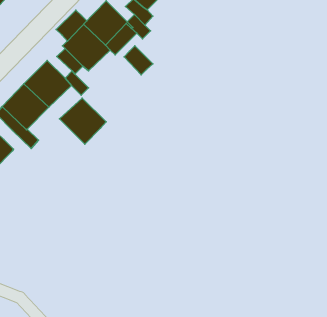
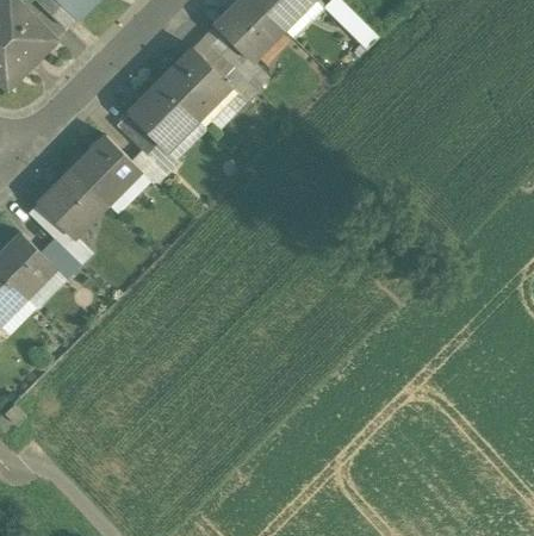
building: [56,10,87,41] -> none
building: [124,46,153,75] -> none
building: [60,98,106,144] -> none
building: none -> [41,238,81,280]

